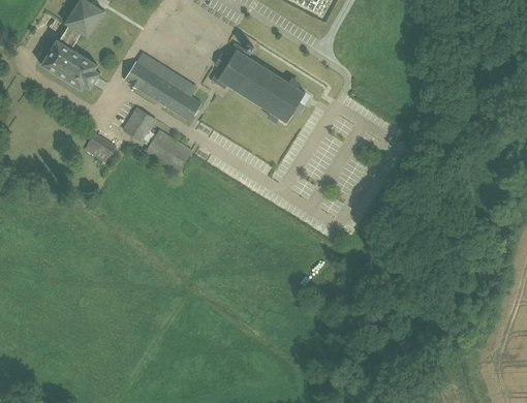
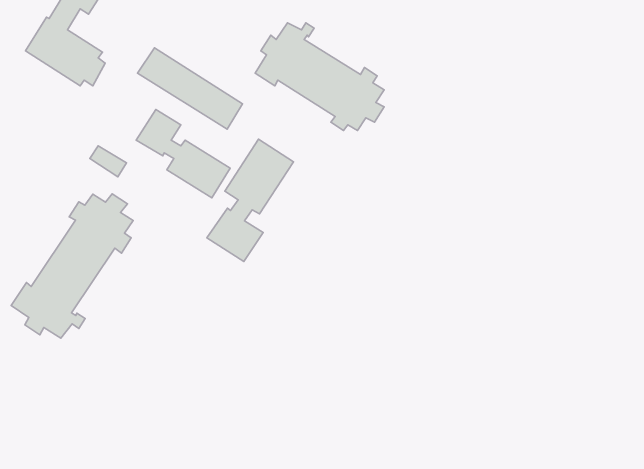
building: none -> [207,139,293,262]
building: none -> [11,194,133,338]

